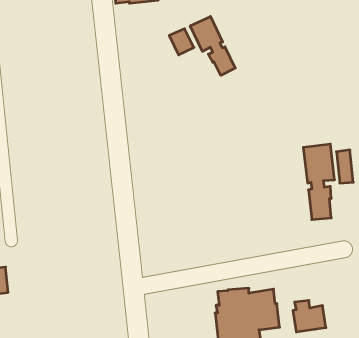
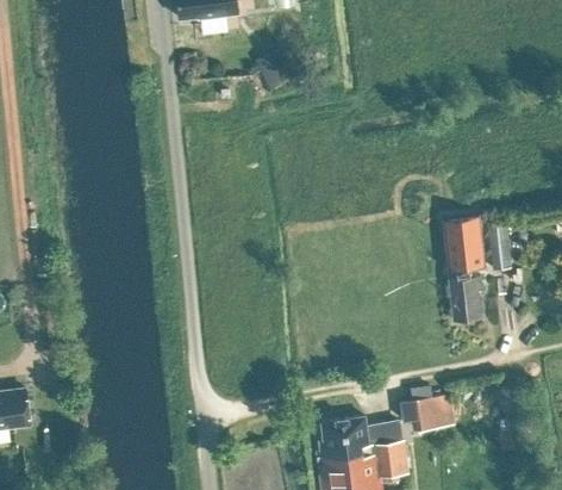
building: [190,16,235,75] -> none
building: [293,300,326,332] -> [407,386,454,430]

